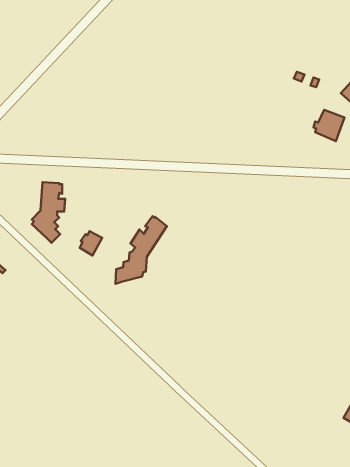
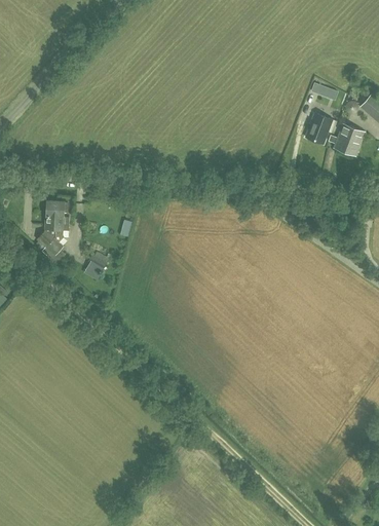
building: none -> [305,113,332,144]
building: [115,216,167,284] -> none

